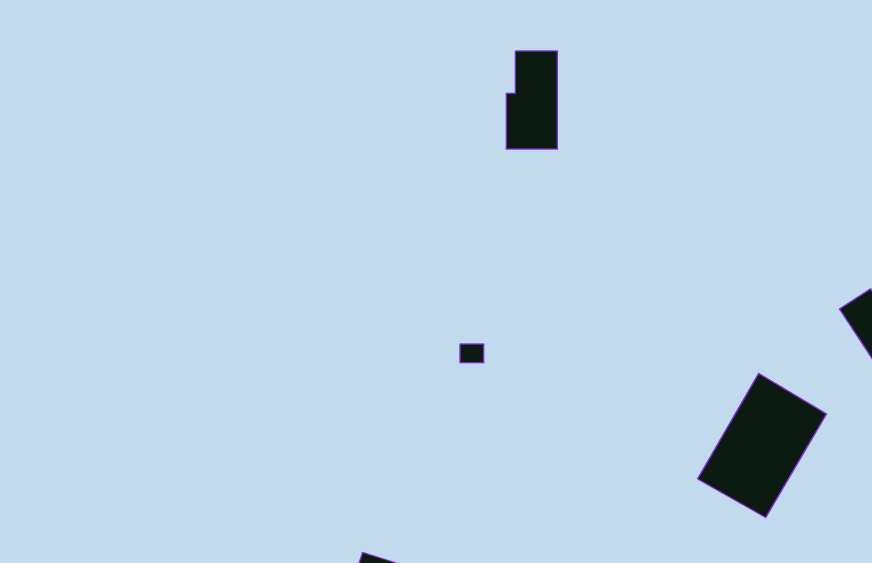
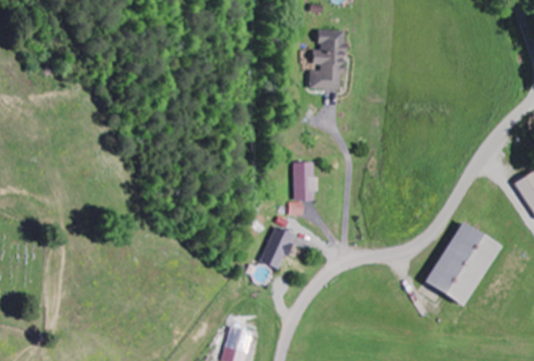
building: none -> [293,162,315,201]
building: none -> [258,226,294,269]

